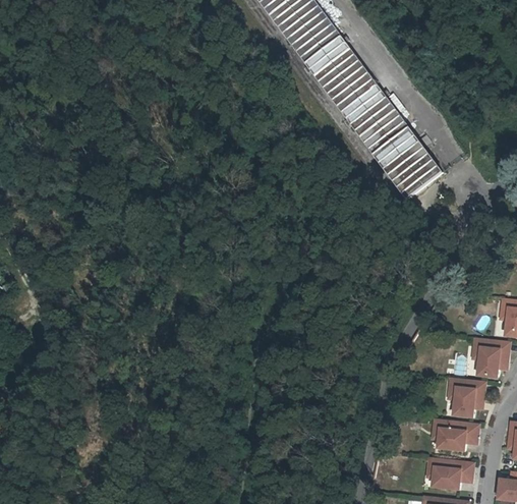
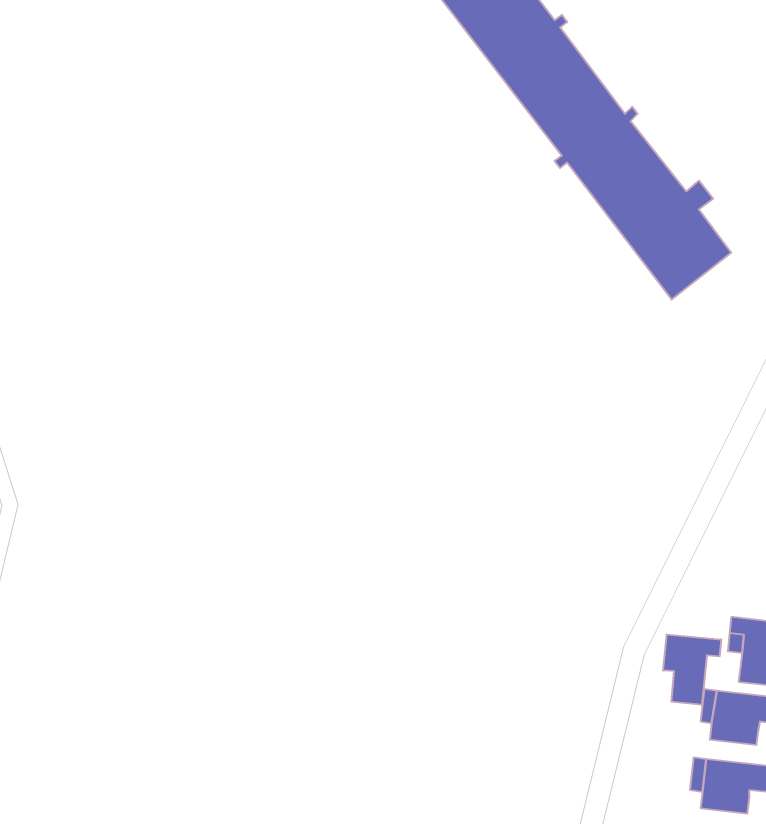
building: none -> [663,634,721,705]

